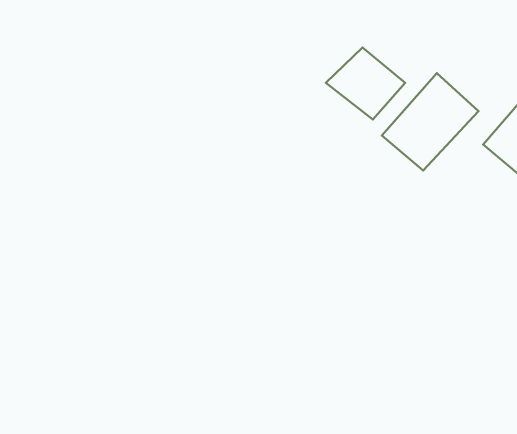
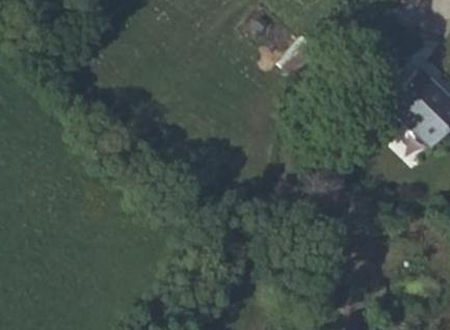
building: [382,73,478,171] -> none

